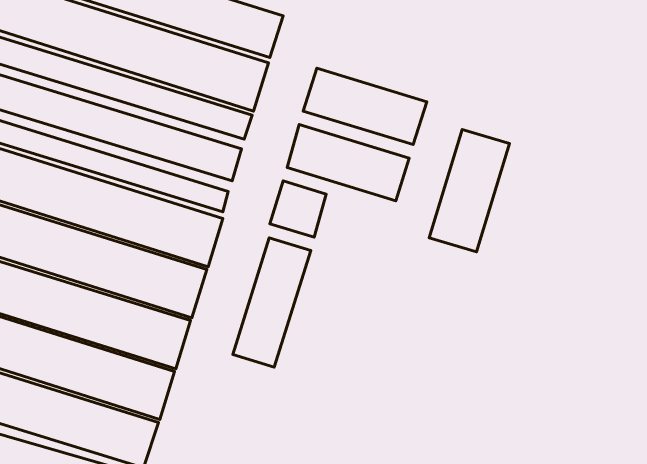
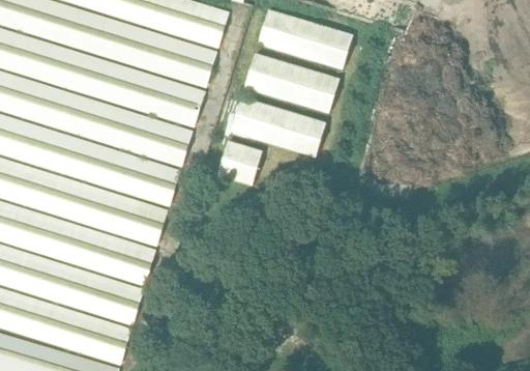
building: none -> [257,9,351,69]
building: [429,130,509,252] -> none
building: [233,238,311,367] -> none

